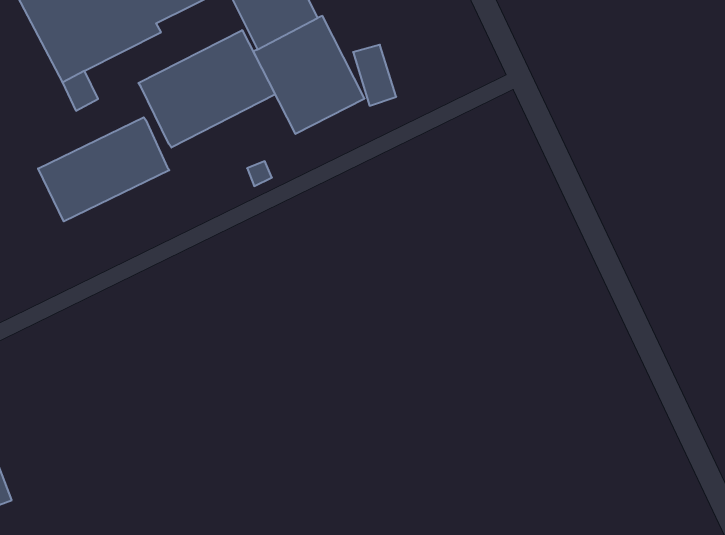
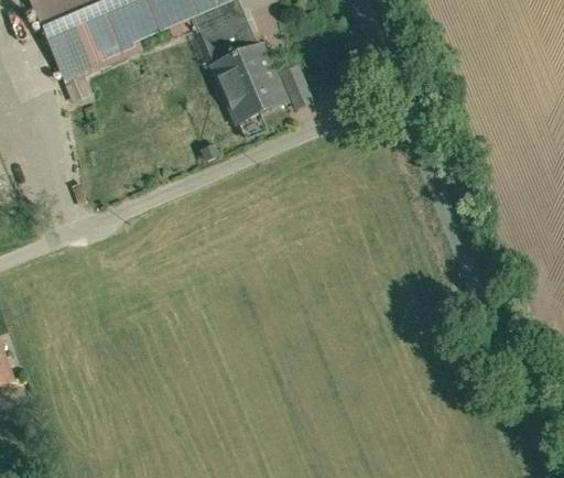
building: [138,30,275,148] -> none
building: [38,117,169,221] -> none

